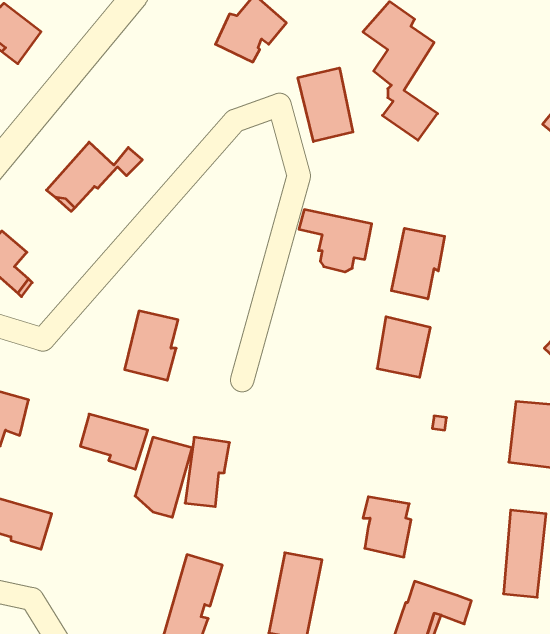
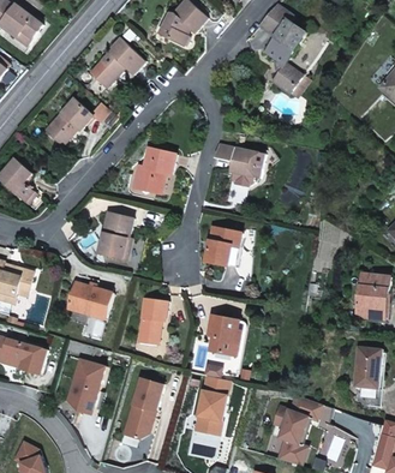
building: none -> [89,37,144,88]
building: [298,68,353,142] -> none
building: none -> [133,148,176,193]
building: [391,228,445,299] -> none
building: [377,317,430,377] -> [205,226,241,267]
building: [135,437,192,517] -> [67,359,106,413]
building: [363,497,411,557] -> [208,315,240,355]

